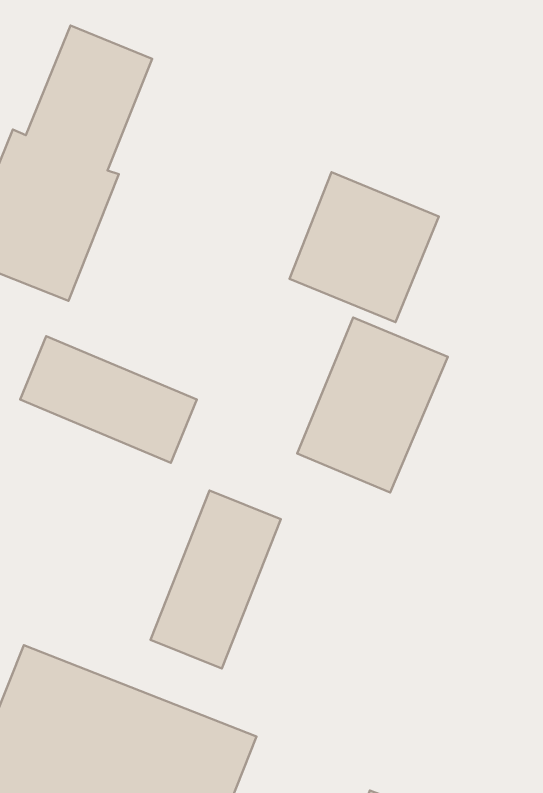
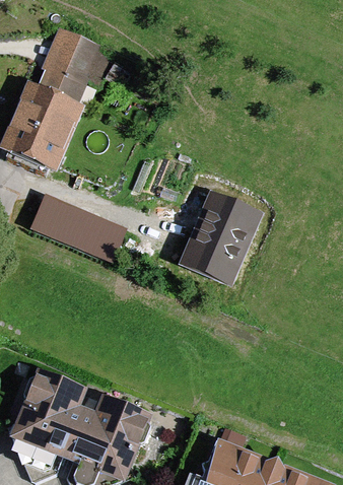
building: [289,172,439,322] -> none
building: [150,490,281,668] -> none

